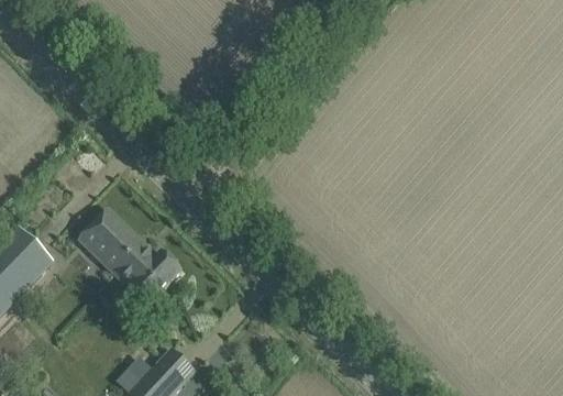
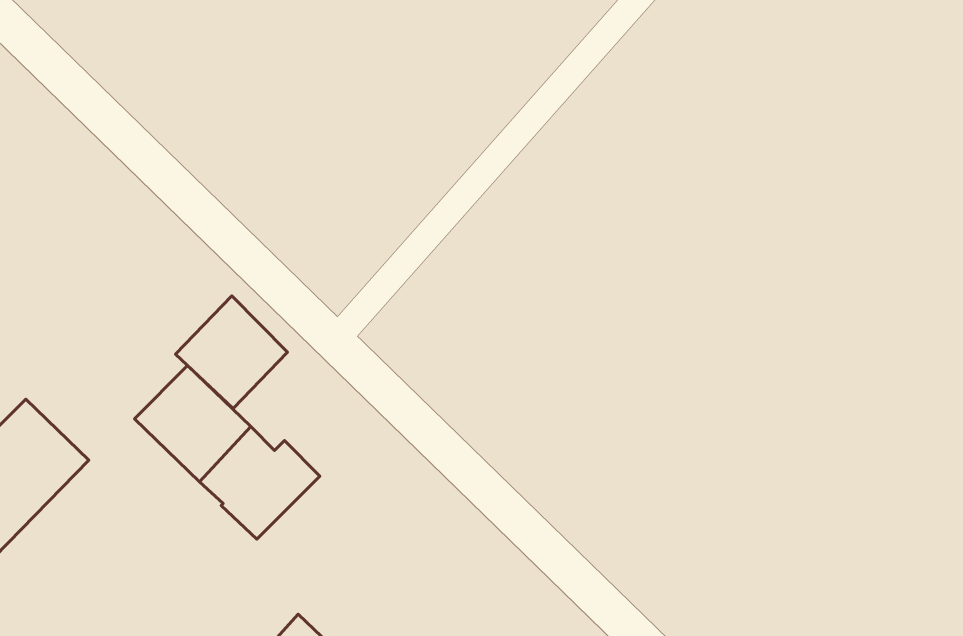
building: none -> [176,296,288,408]

